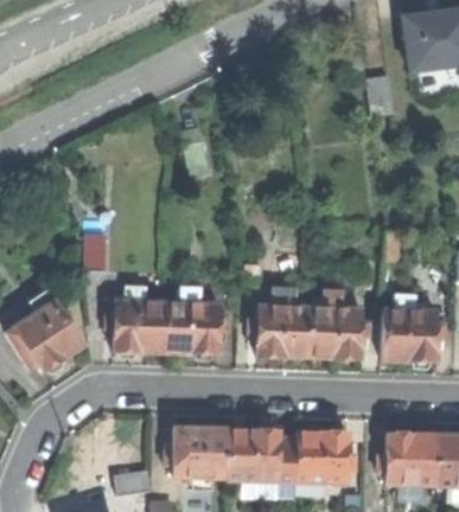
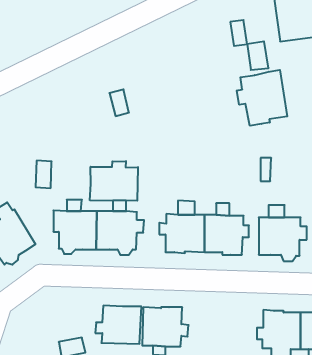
building: none -> [237,70,287,126]
building: none -> [90,161,138,201]
building: [295,430,357,484] -> none

